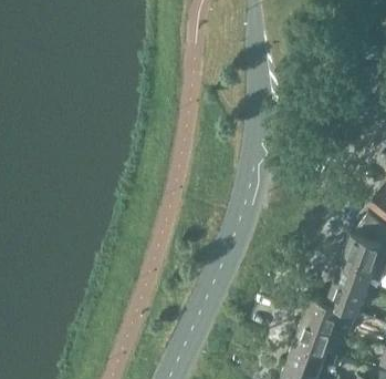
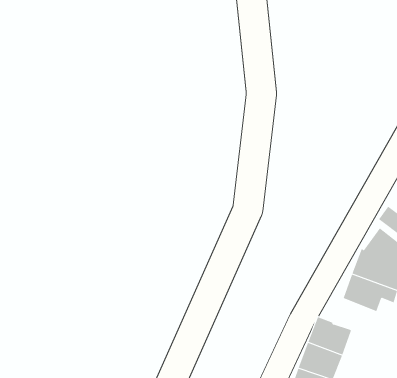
building: [324,280,364,316] -> none

